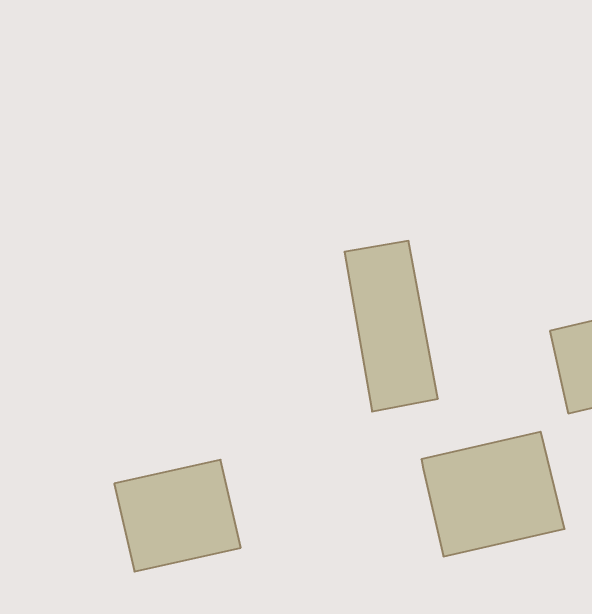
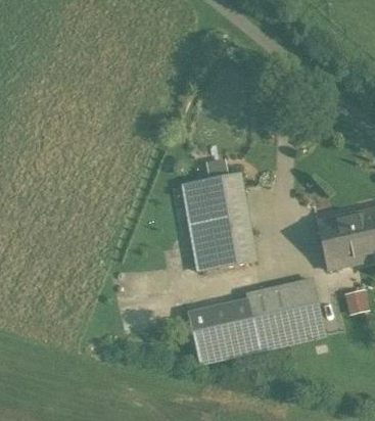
building: none -> [183,181,218,271]
building: [114,460,241,572] -> [187,299,257,362]

